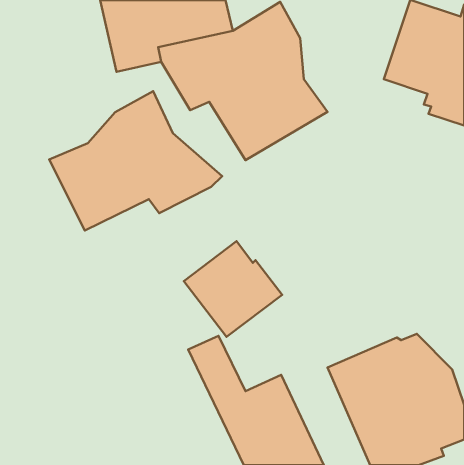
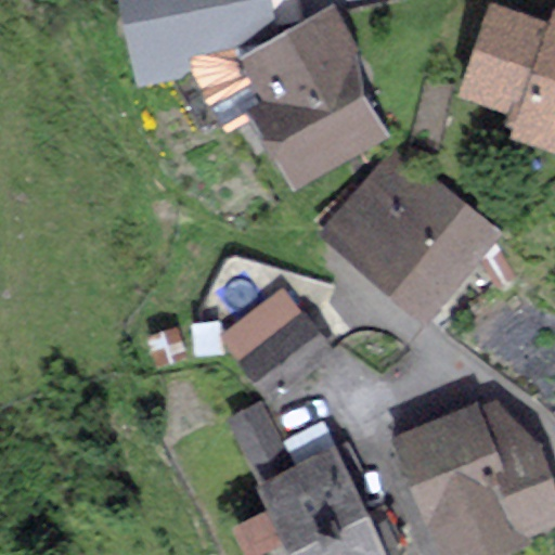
building: [49,91,222,231] -> none
building: none -> [320,143,516,322]

